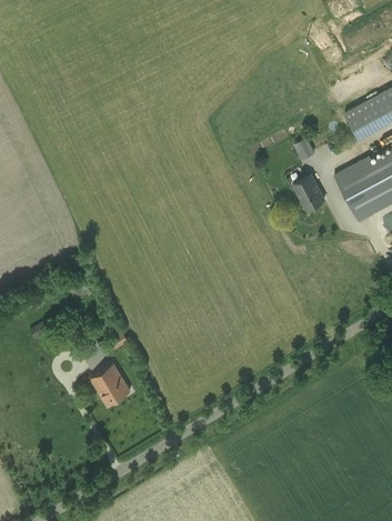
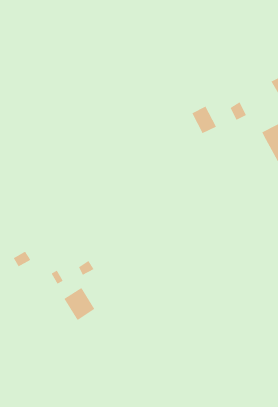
building: [293,174,324,209] -> [191,106,217,134]

